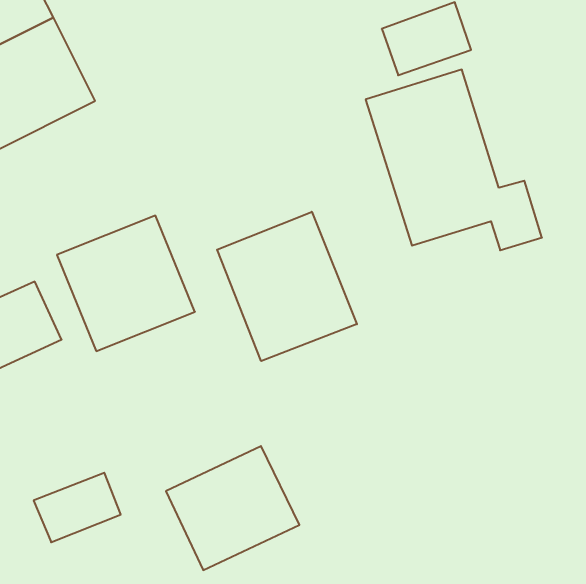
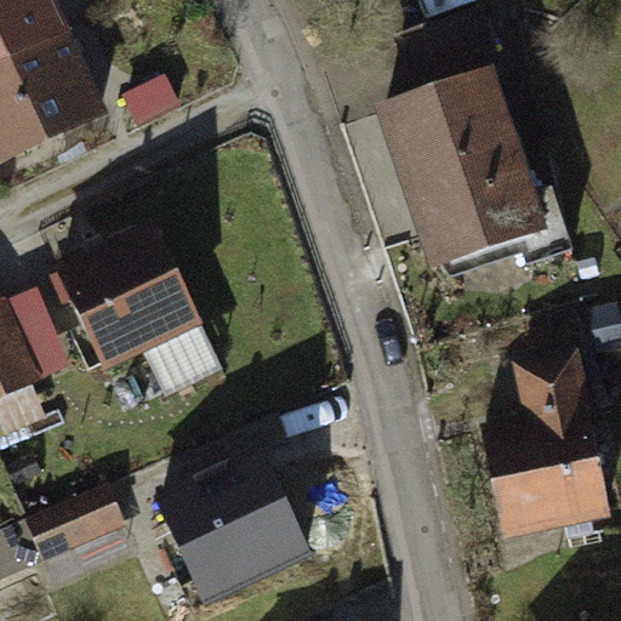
building: [217,212,357,361] -> none
building: none -> [483,351,605,529]

